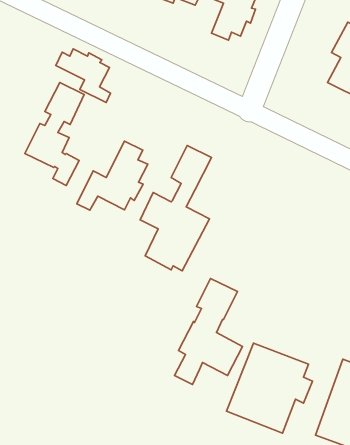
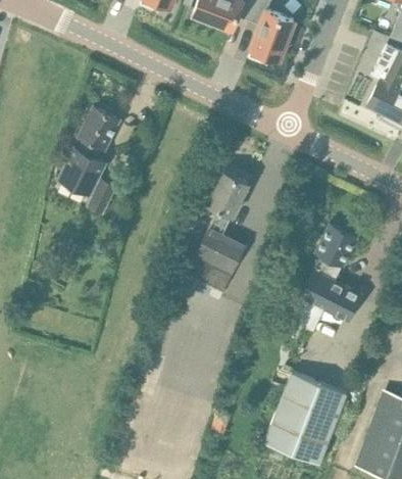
building: [56,49,111,102] -> none
building: [77,141,148,210] -> none
building: [174,278,243,385] -> [294,224,363,332]

